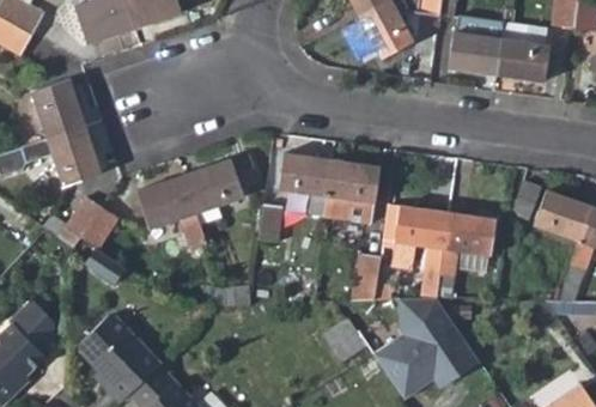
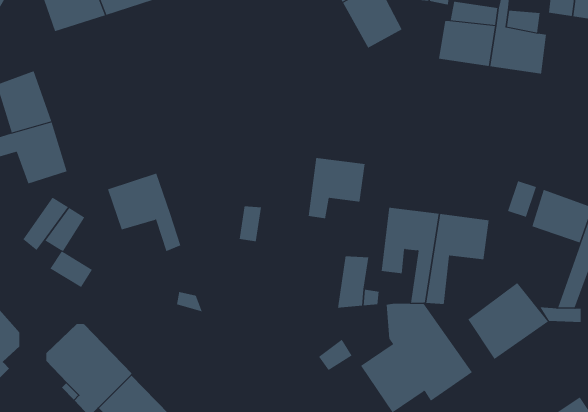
building: [183,152,257,213] -> none
building: [278,153,332,215] -> none
building: none -> [467,282,549,360]

